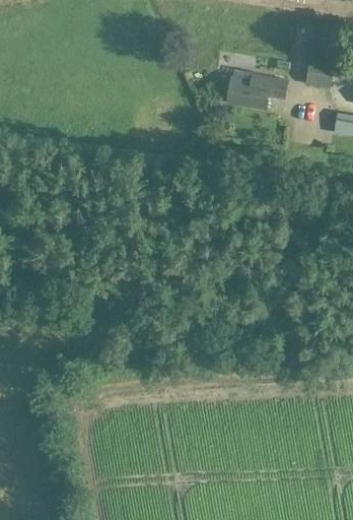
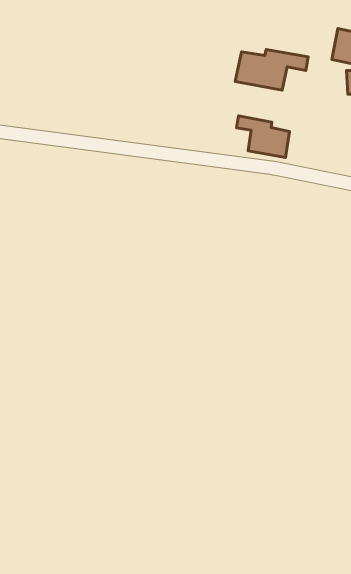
building: none -> [236,116,290,157]

